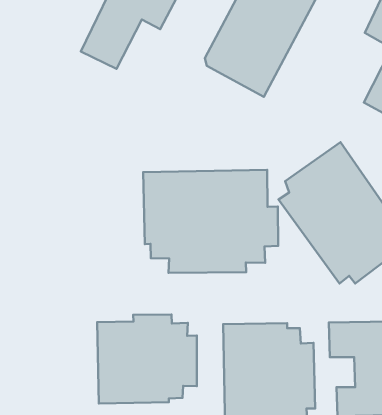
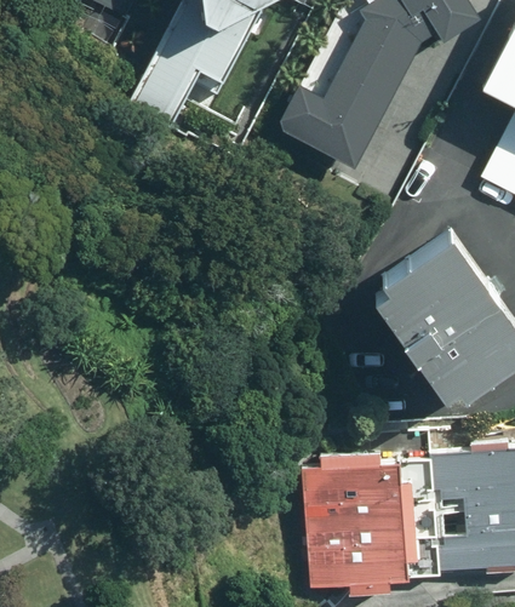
building: [143,170,278,273] -> none
building: [97,314,197,404] -> none

